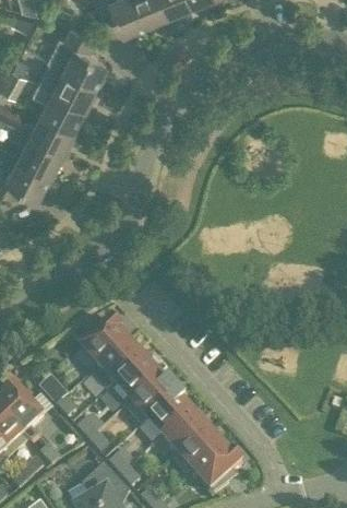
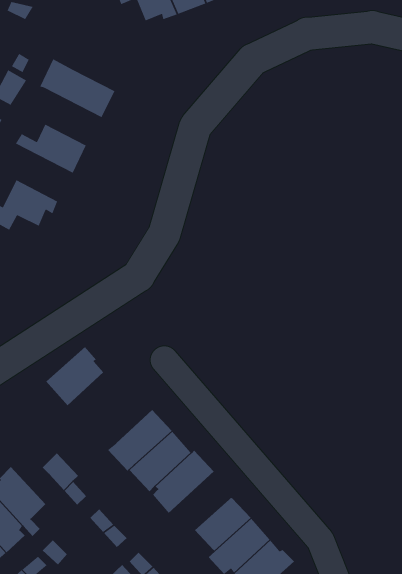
building: [47,26,106,85] -> none
building: [32,82,87,129] -> none
building: [13,128,64,174] -> none
building: [81,320,128,368] -> [46,346,104,406]
building: [141,391,194,438] -> none

